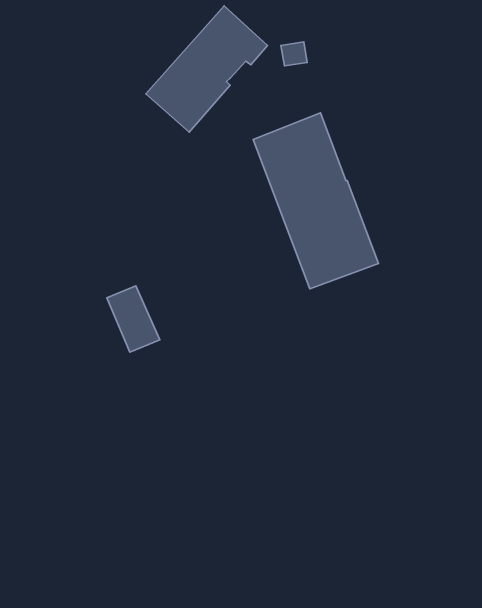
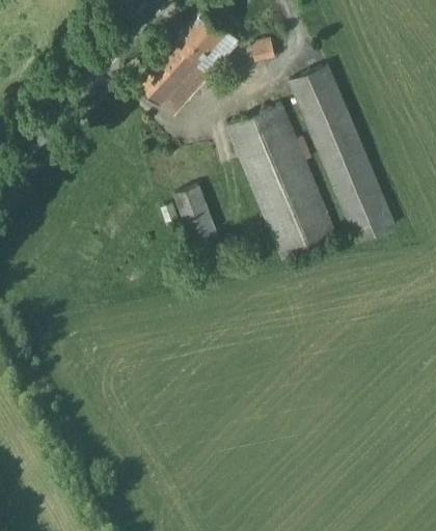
building: none -> [294,64,392,245]
building: [107,286,160,352] -> [172,186,218,243]

